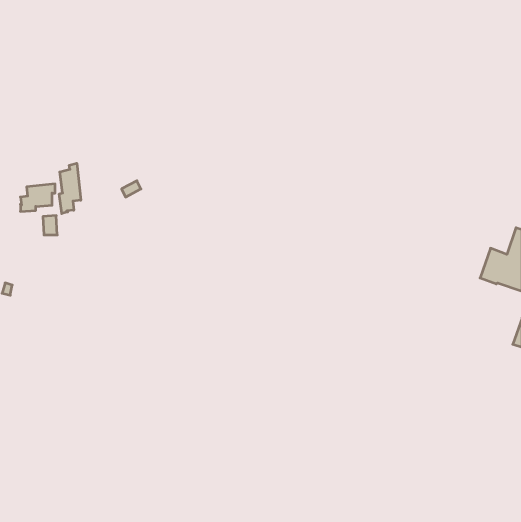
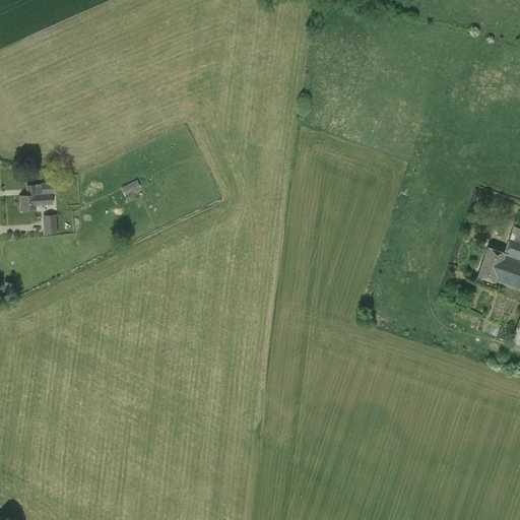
building: [59,163,81,214] -> none

